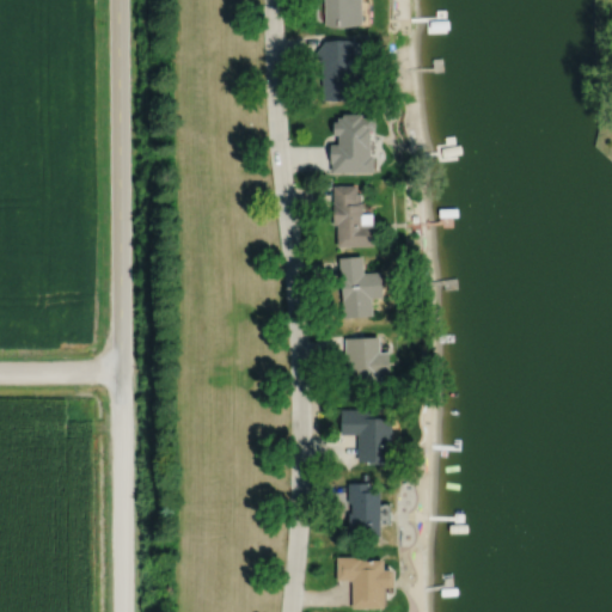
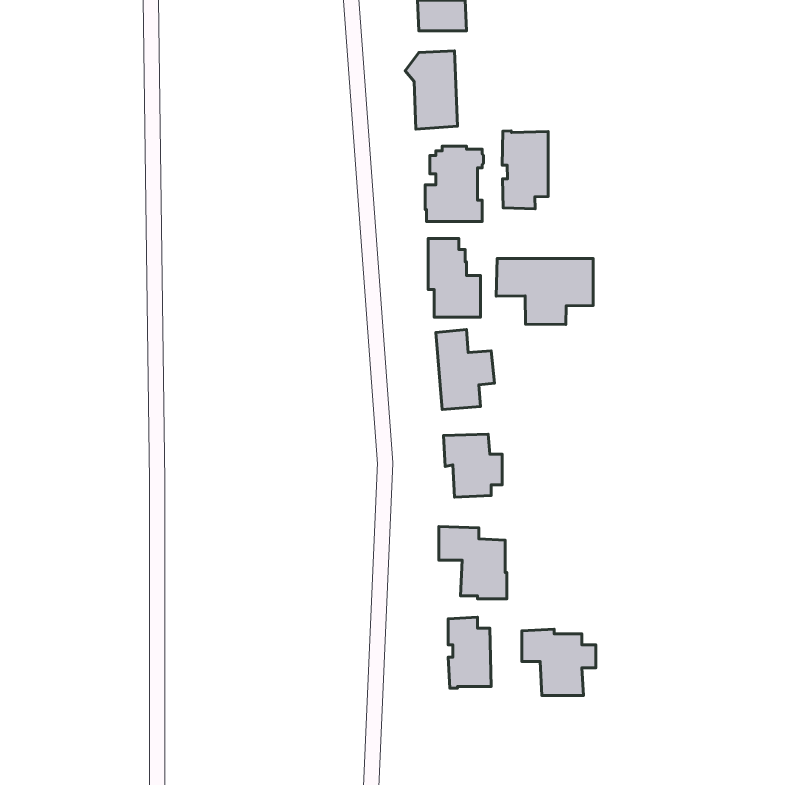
building: none -> [502,131,548,209]
building: none -> [496,259,593,325]
building: [337,555,394,606] -> [522,629,596,695]

